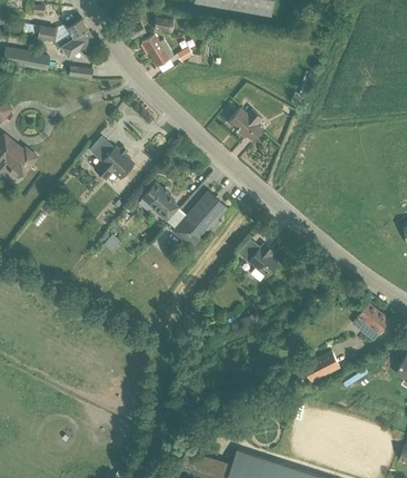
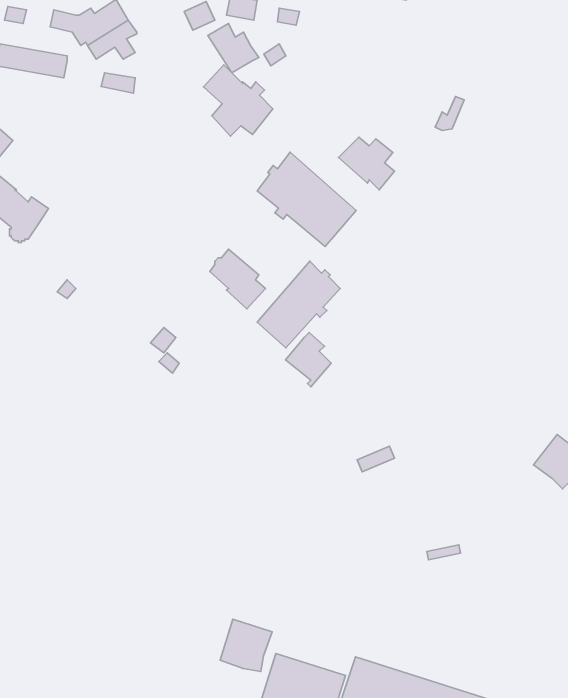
building: none -> [257,152,356,247]
building: [88,135,133,182] -> [203,65,273,136]
building: [247,243,277,279] -> [285,333,331,387]
building: [304,350,339,381] -> none
building: none -> [220,619,272,672]

